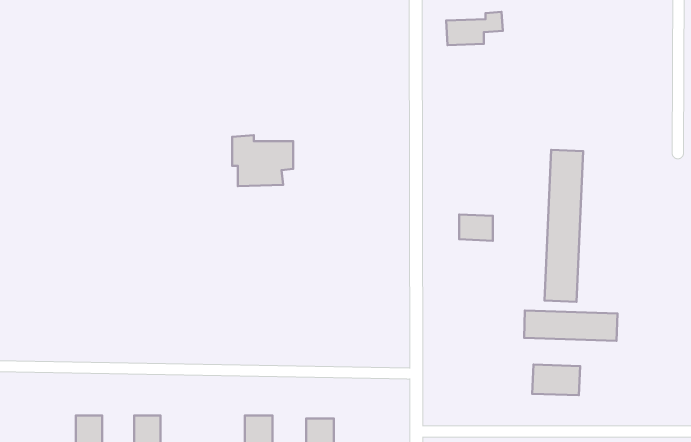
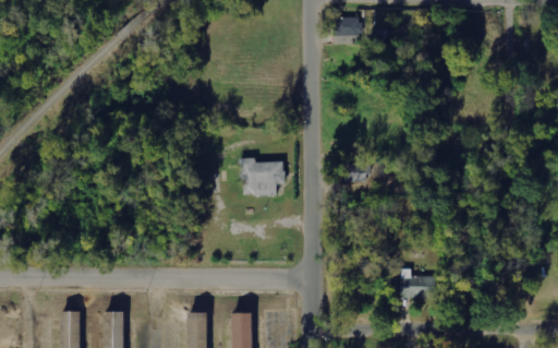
building: [232,135,293,186] -> [240,157,286,195]
building: [545,150,583,302] -> none
building: [524,311,617,341] -> none

